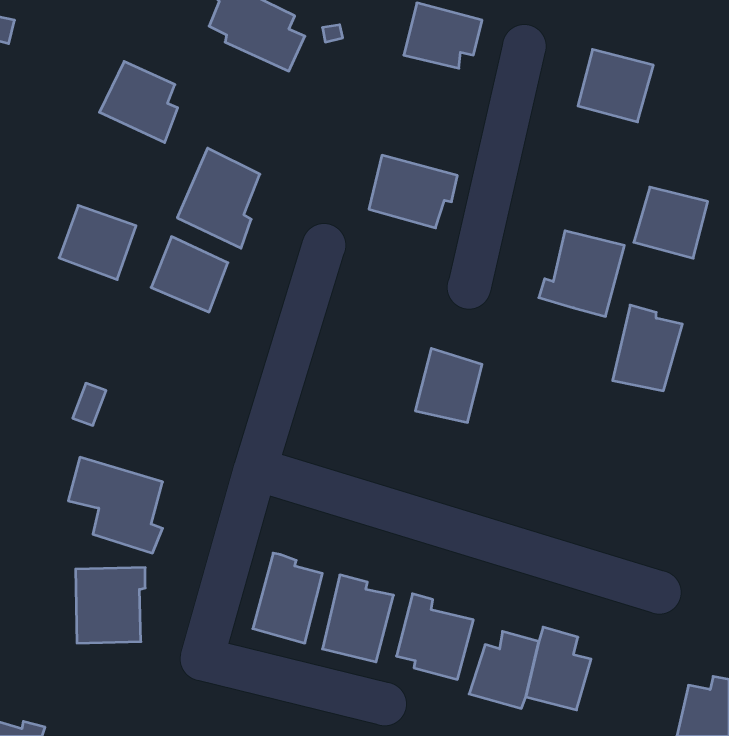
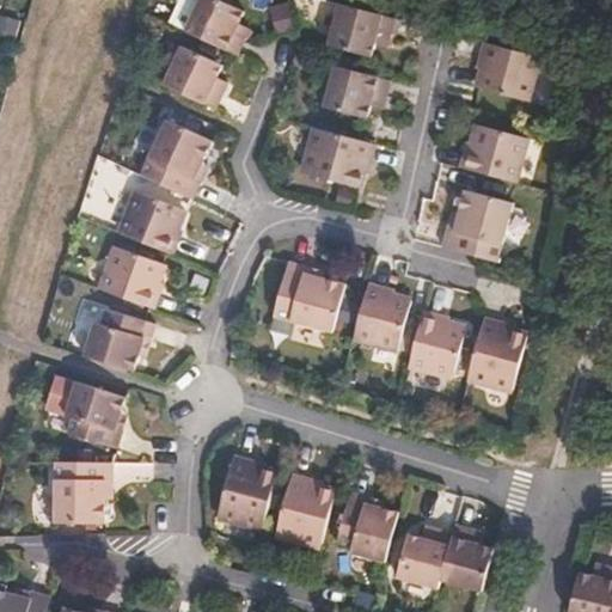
building: [99,61,178,143] -> [165,47,230,114]
building: none -> [326,66,393,120]
building: [634,187,708,258] -> [465,123,526,182]
building: [59,205,136,280] -> [106,249,170,310]
building: [613,305,682,391] -> [458,314,515,385]
building: none -> [262,259,333,331]
building: none -> [94,308,164,372]
building: none -> [397,316,455,375]

